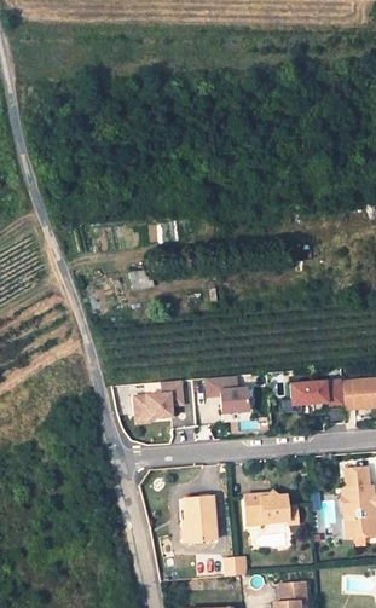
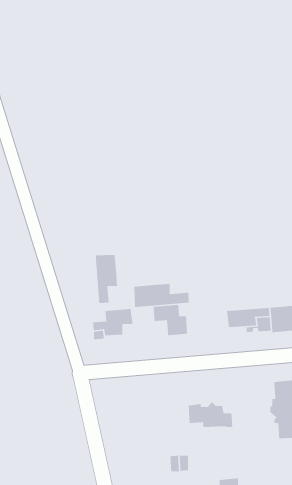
building: none -> [95,254,118,304]
building: none -> [134,283,189,308]
building: [185,493,215,538] -> none

